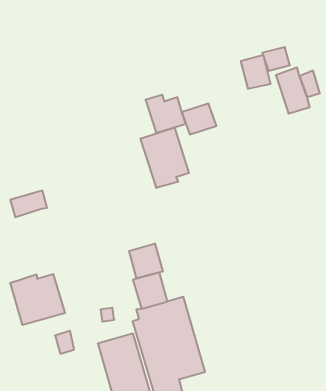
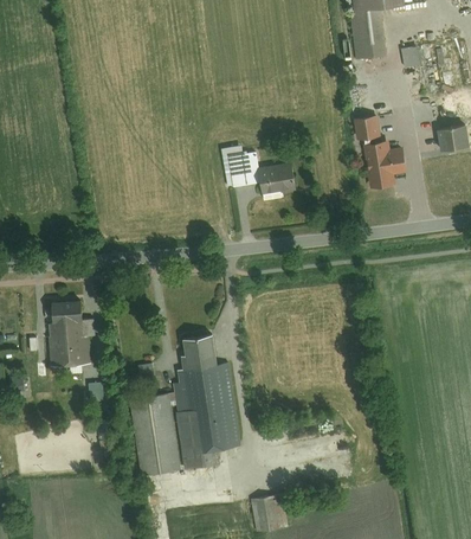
building: [241,55,271,89] -> none
building: [141,127,189,188] -> none
building: [10,191,47,217] -> [46,297,84,321]
building: [129,243,163,278] -> none

